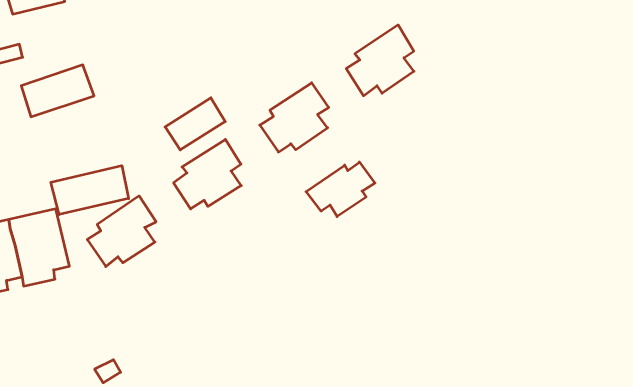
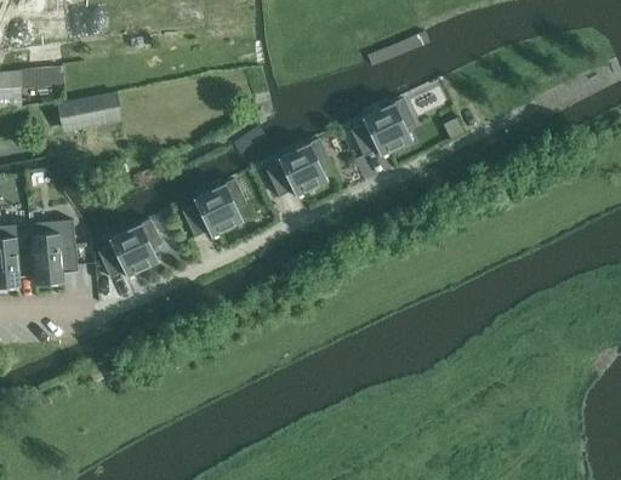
building: [165,98,225,150] -> none
building: [306,162,375,217] -> none
building: [51,166,129,215] -> none

